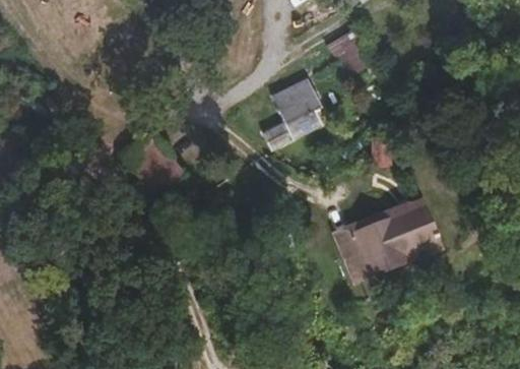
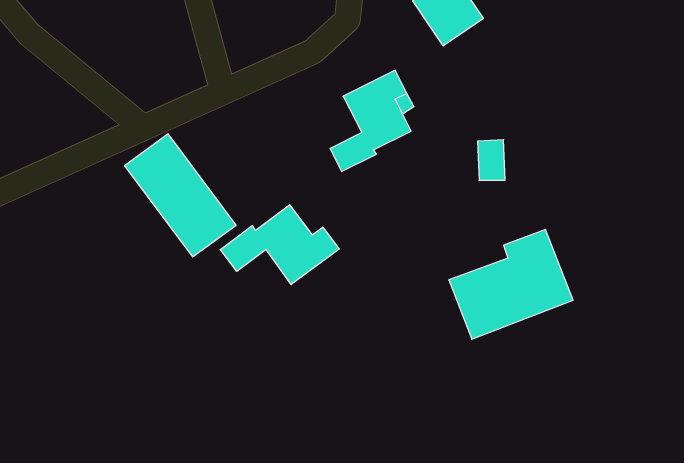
building: none -> [220,205,339,285]
building: [332,209,391,282] -> none

